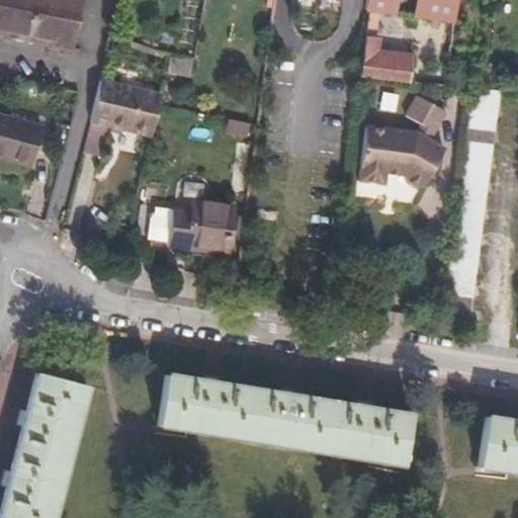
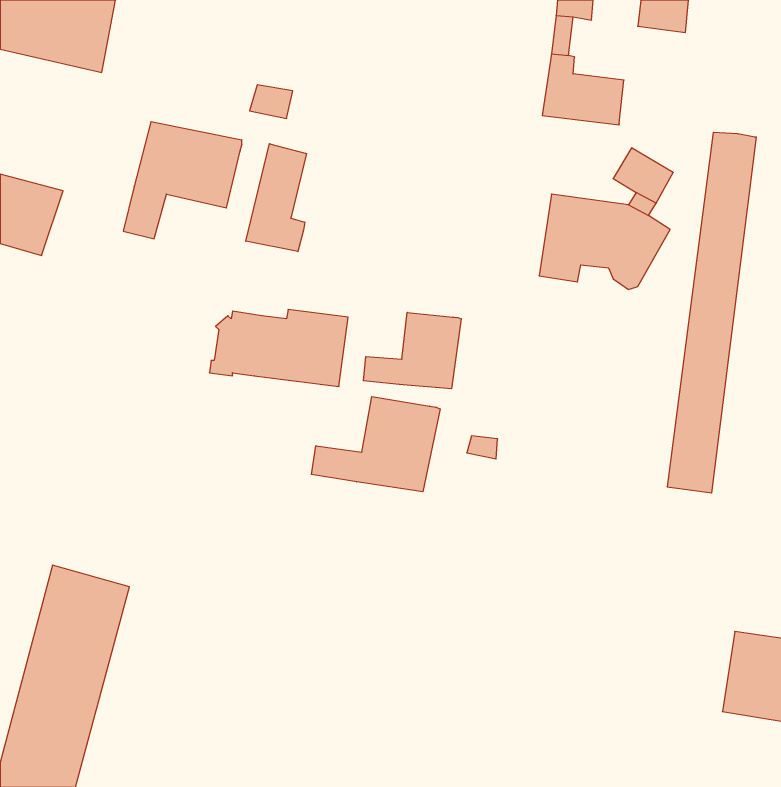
building: none -> [246,144,307,252]
building: none -> [363,312,461,389]
building: none -> [311,397,440,492]
building: [158,372,414,465] -> none

